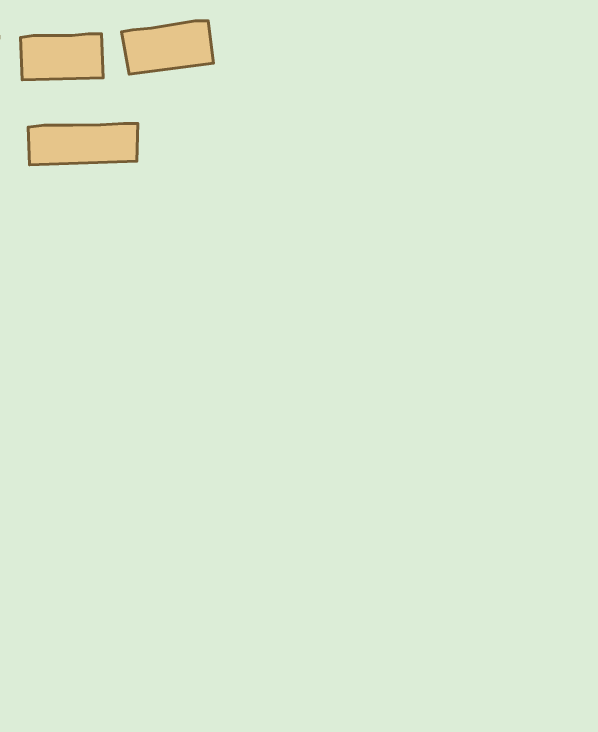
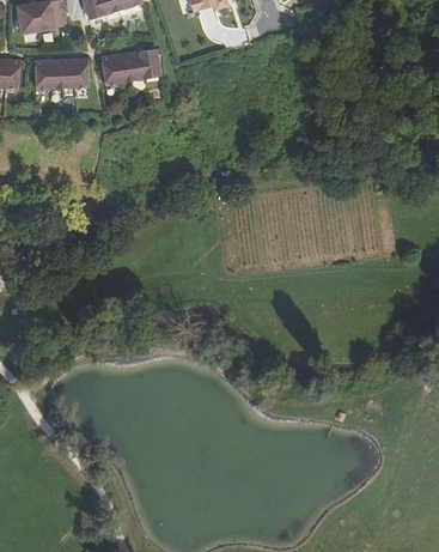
building: [28,123,138,165] -> none

